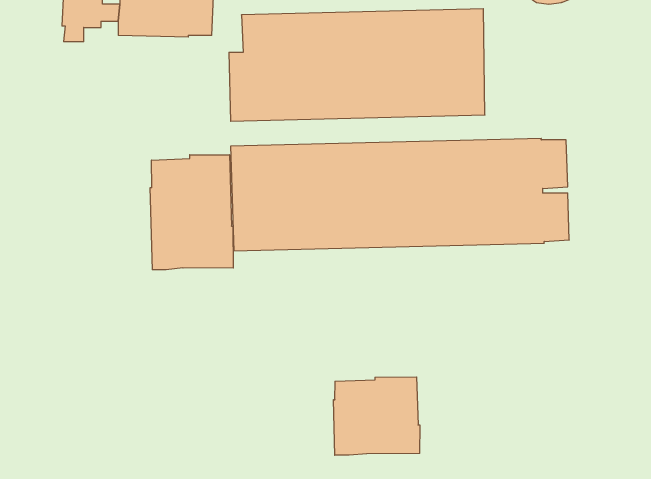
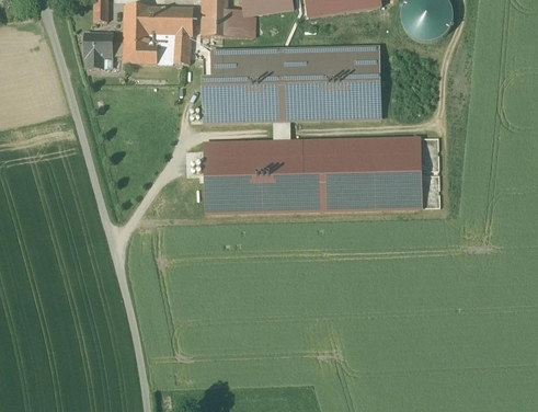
building: [150,155,233,270] -> none
building: [333,377,420,455] -> none

